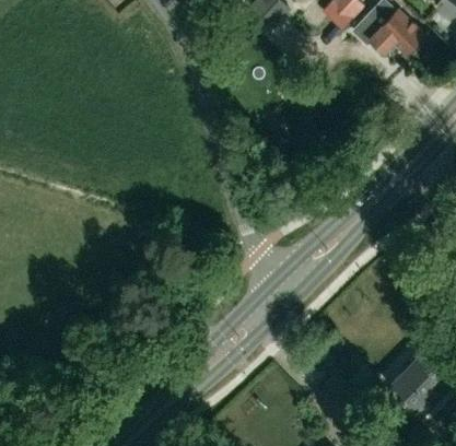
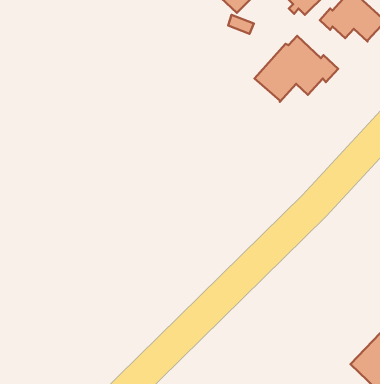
building: none -> [255,36,338,102]

